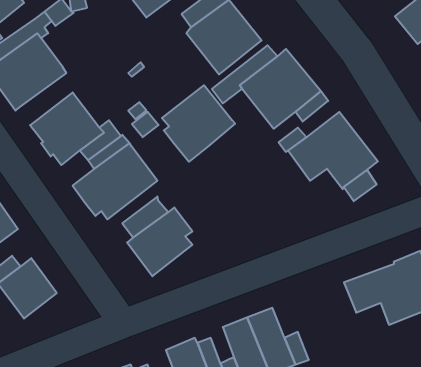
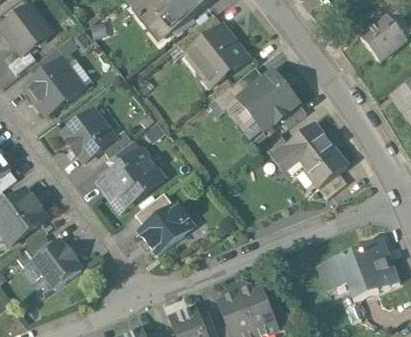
building: [162,85,235,162] -> none

